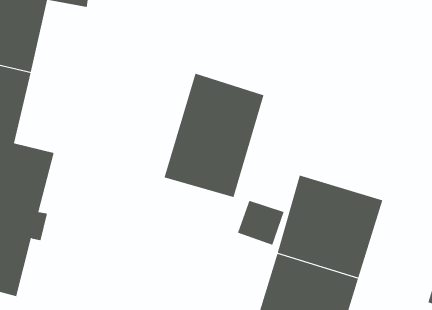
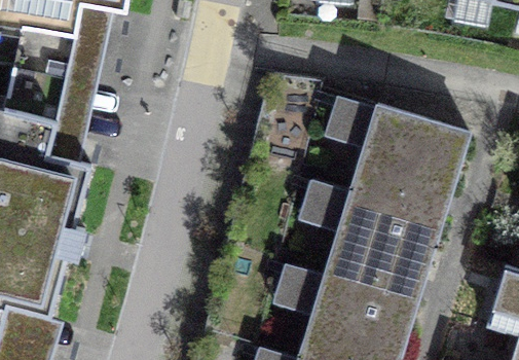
building: [164,73,264,198] -> none
building: none -> [351,108,468,215]

